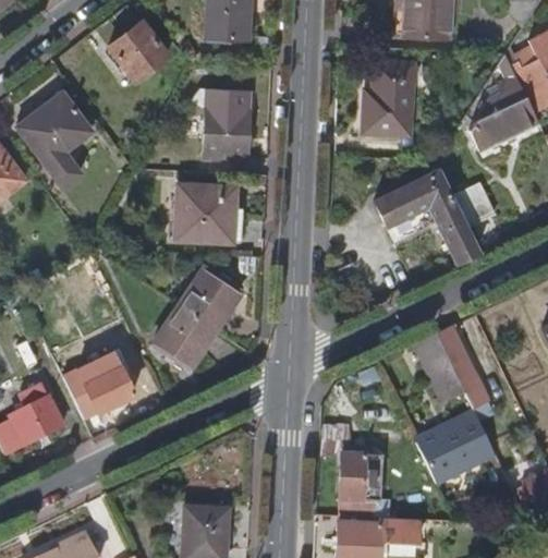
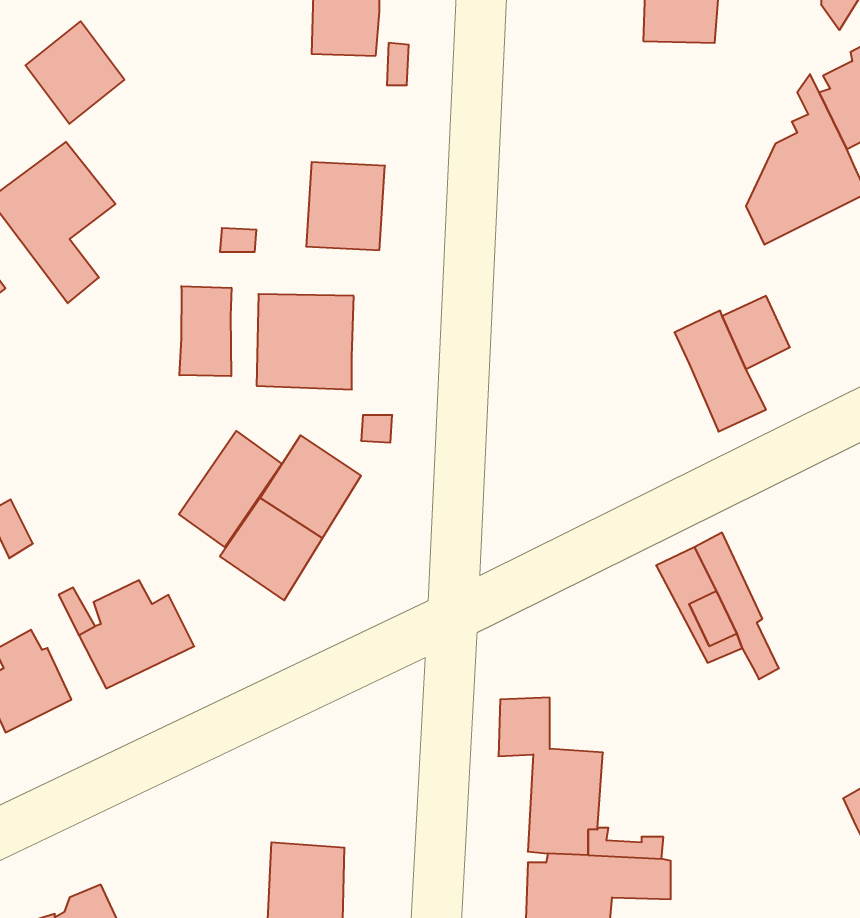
building: [110,20,169,81] -> [25,21,124,124]
building: [362,61,415,134] -> none
building: [373,159,452,245] -> none
building: none -> [179,286,231,376]
building: none -> [179,431,282,547]
building: [414,408,496,484] -> none

